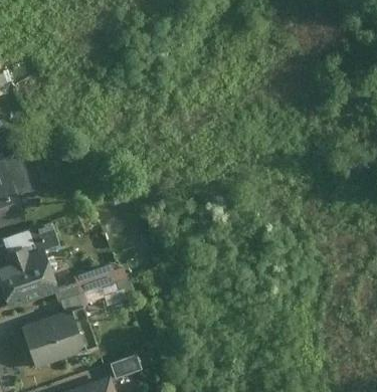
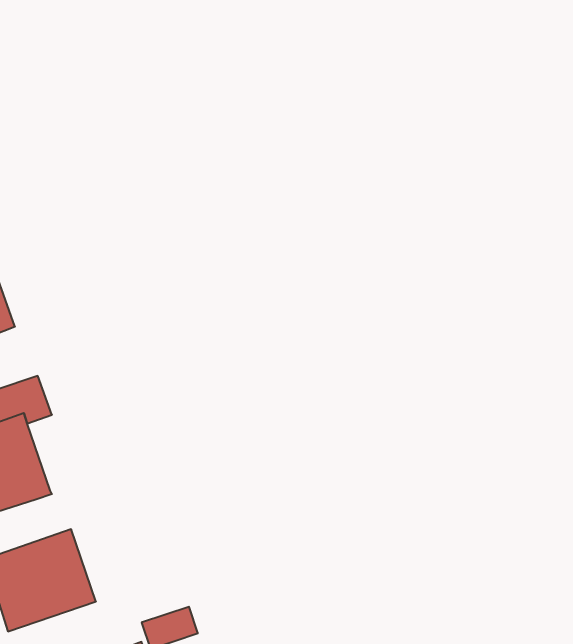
building: [48,262,119,310] -> none

